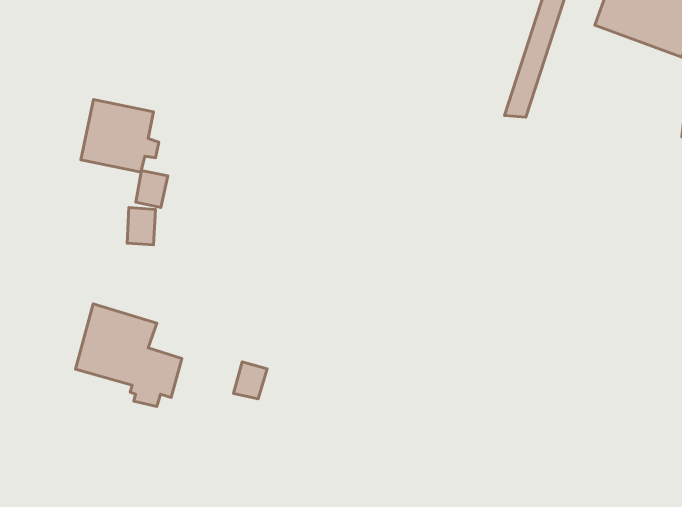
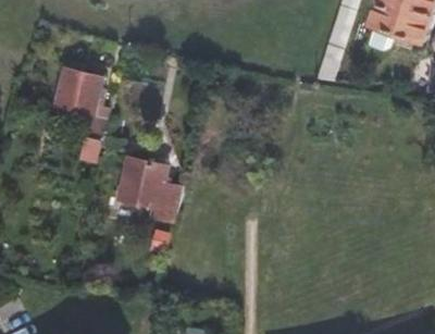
building: [75,304,182,406] -> [114,156,179,219]

